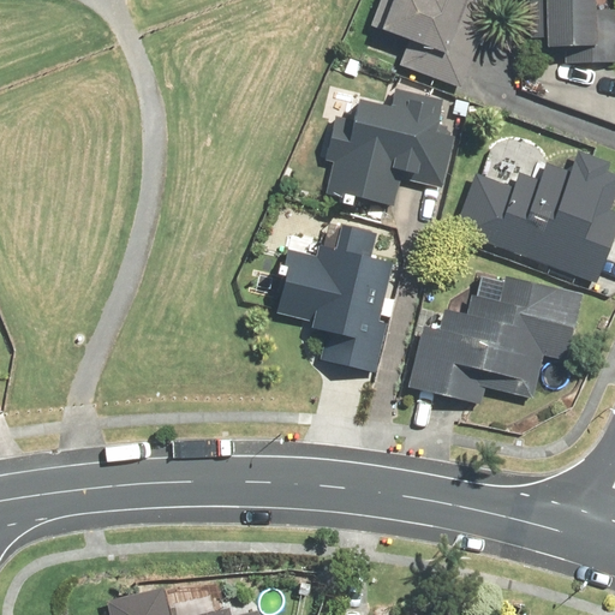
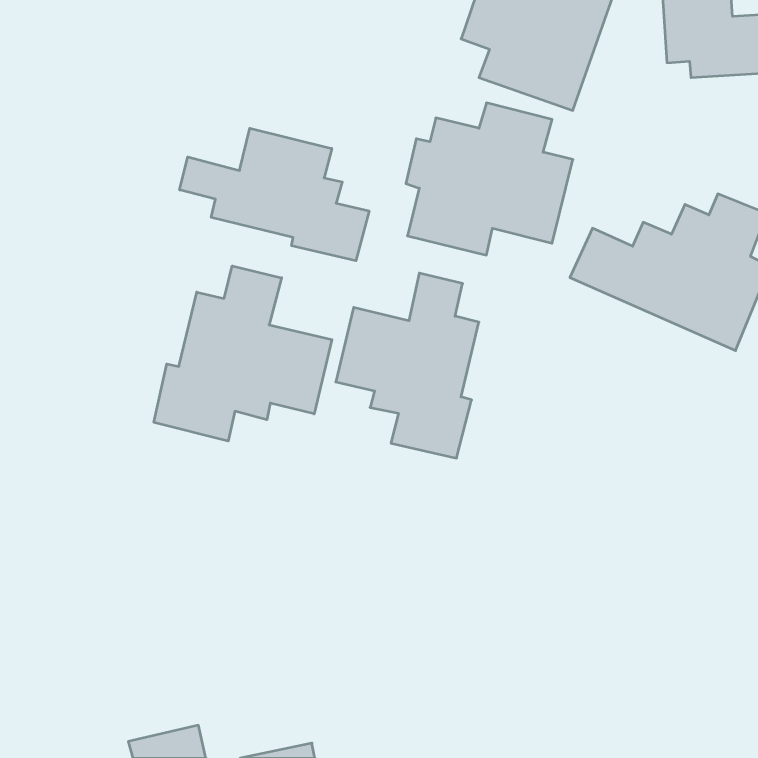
building: none -> [180,128,369,261]
building: none -> [154,266,332,441]
building: [405,273,579,404] -> none

